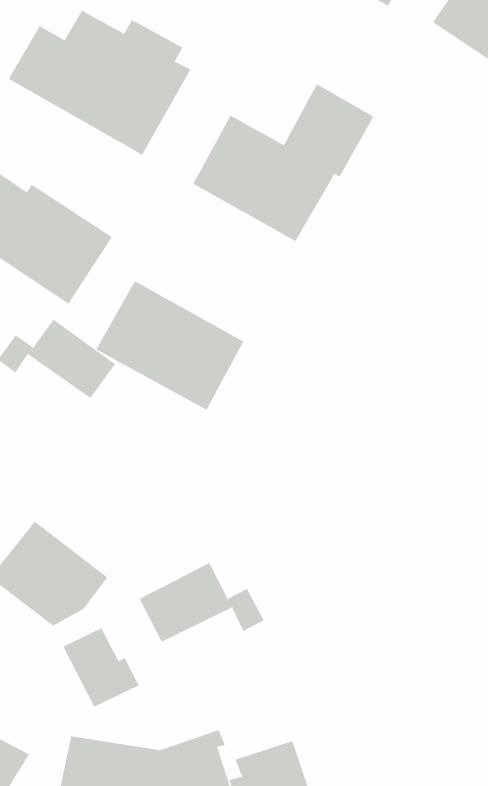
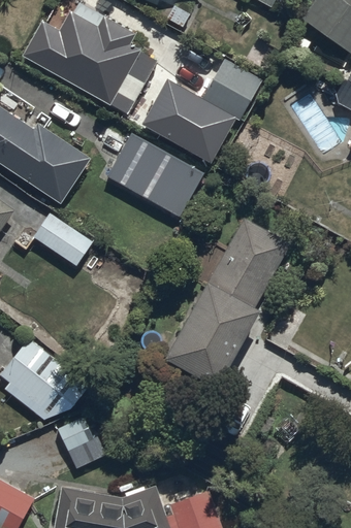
building: [95,280,244,411] -> [106,133,204,219]
building: none -> [164,220,290,388]
building: [139,562,264,643] -> none

